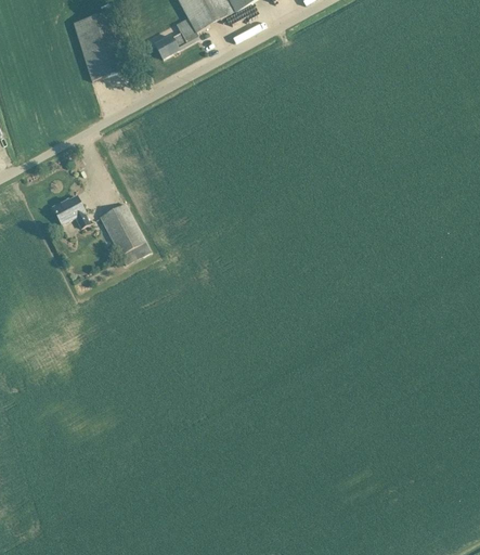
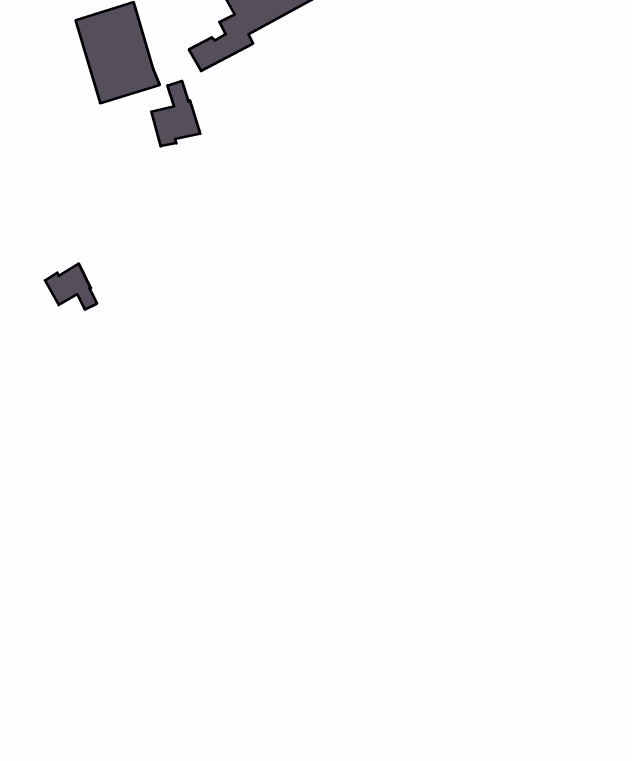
building: none -> [151,81,200,146]
building: [100,203,151,263] -> none

